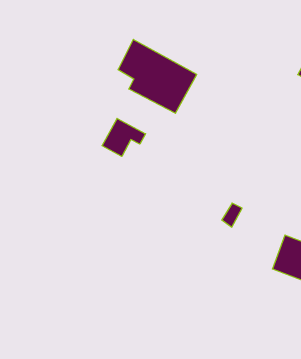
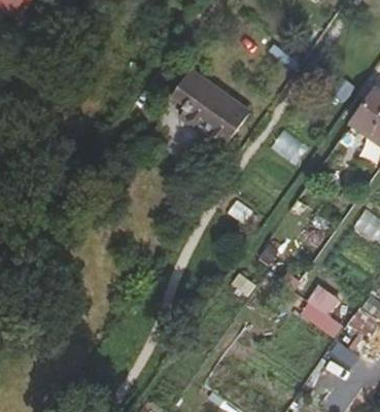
building: [102,118,146,156] -> none

